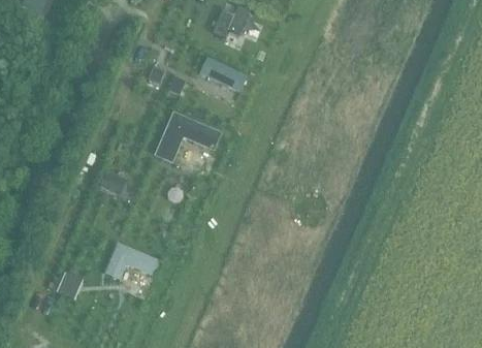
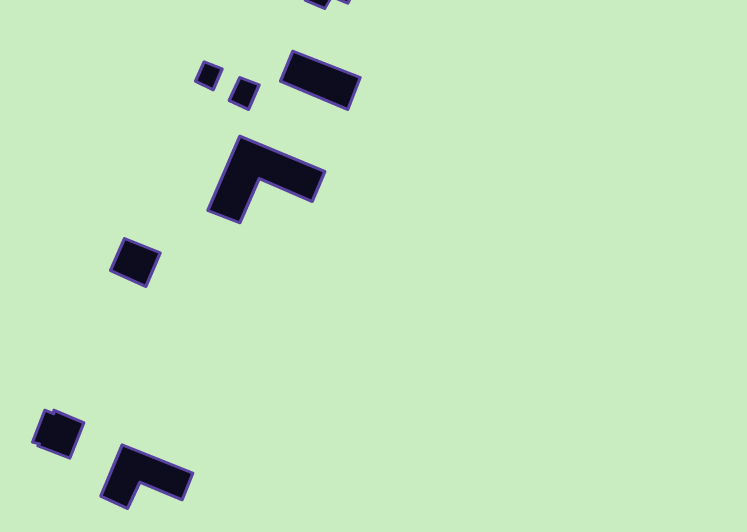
building: [105,243,159,280] -> [101,445,193,509]

